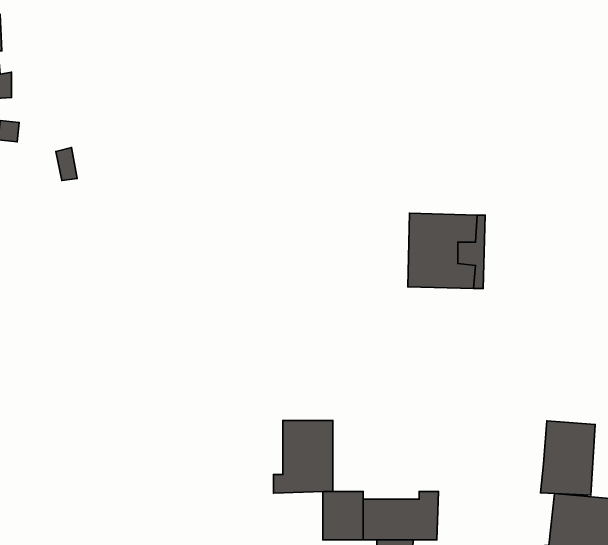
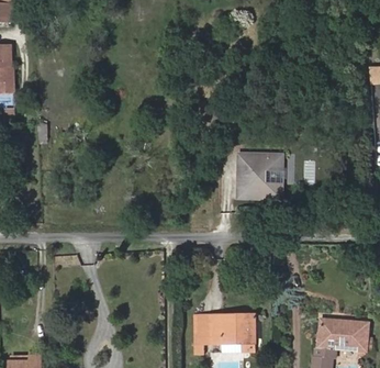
building: [273,421,333,493] -> none
building: [541,421,595,495] -> none

